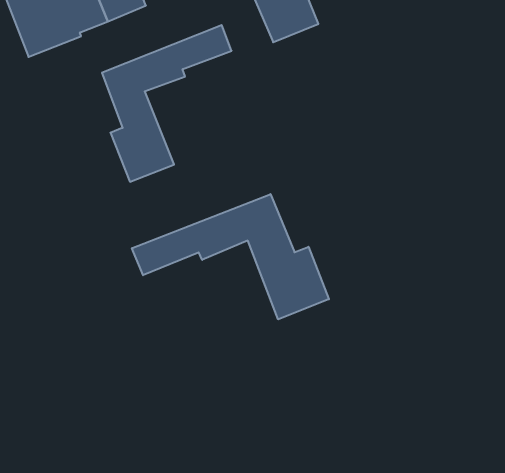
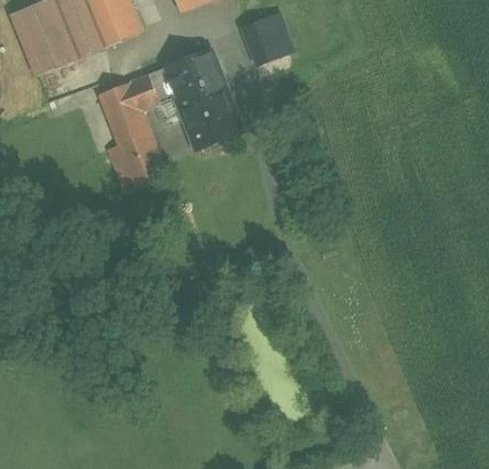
building: none -> [174,74,242,149]
building: [132,194,329,319] -> none

